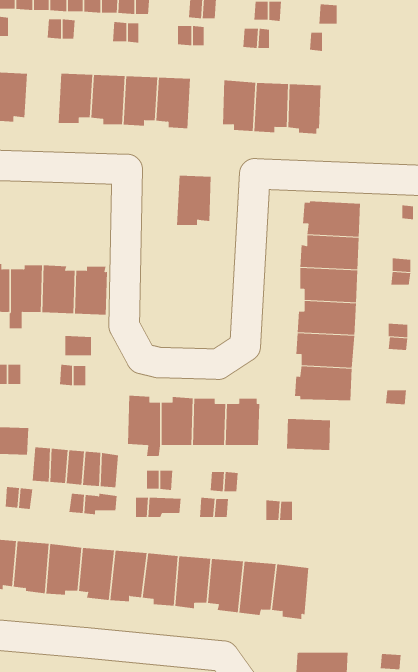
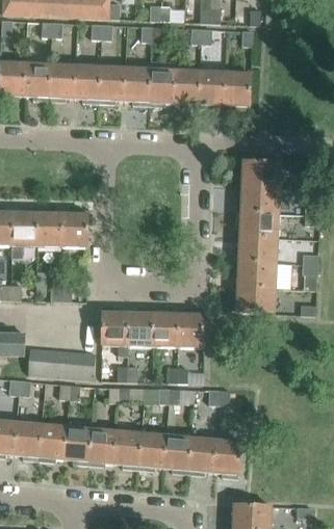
building: none -> [24,62,51,101]
building: [176,175,211,226] -> [149,67,176,105]
building: [287,418,331,451] -> none

